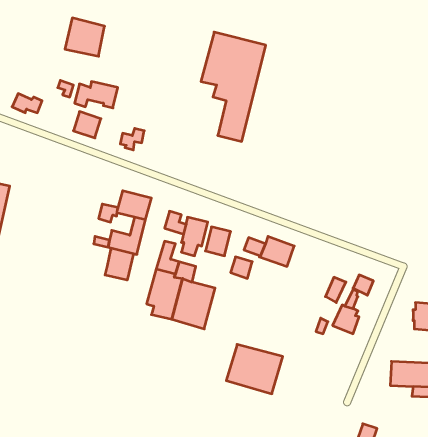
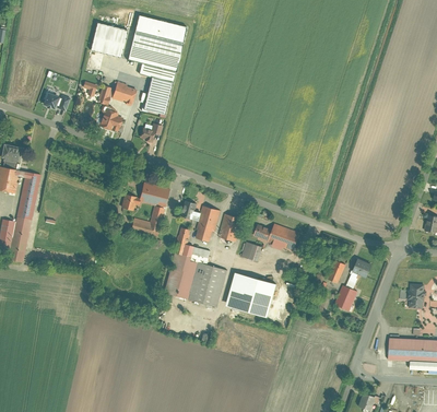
building: [201,32,266,141] -> [128,15,187,115]
building: [105,248,134,280] -> none
building: [226,344,283,394] -> [225,270,276,315]

